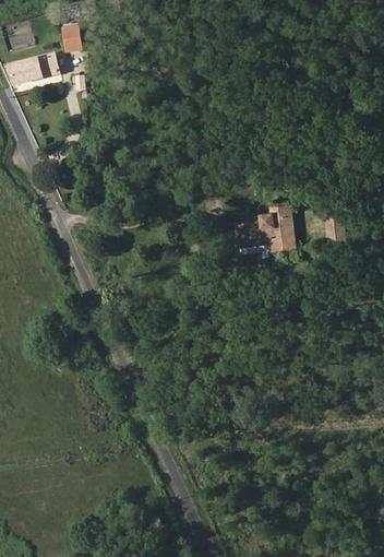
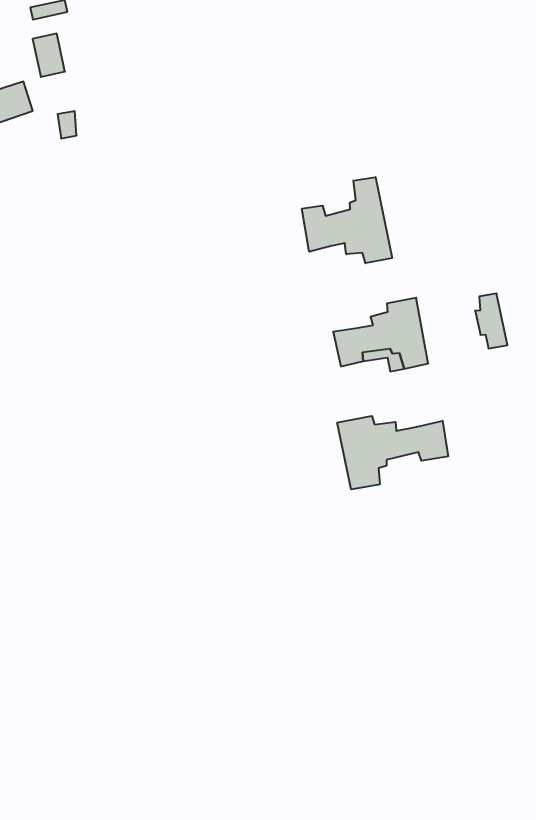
building: none -> [302,177,392,263]
building: none -> [337,416,448,489]

